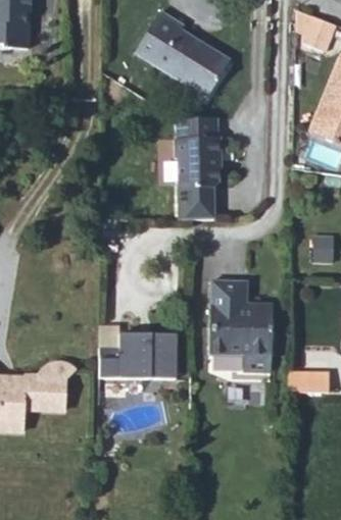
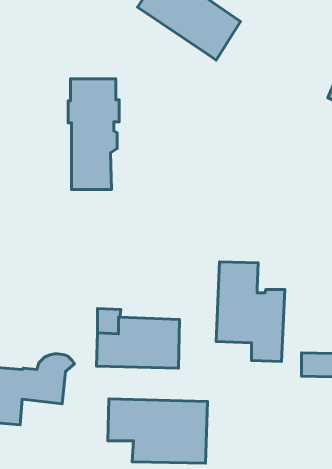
building: [175,118,222,220] -> [68,79,119,189]
building: none -> [108,399,208,463]

